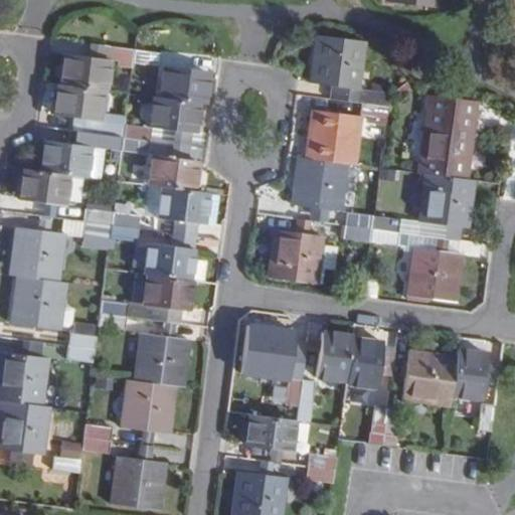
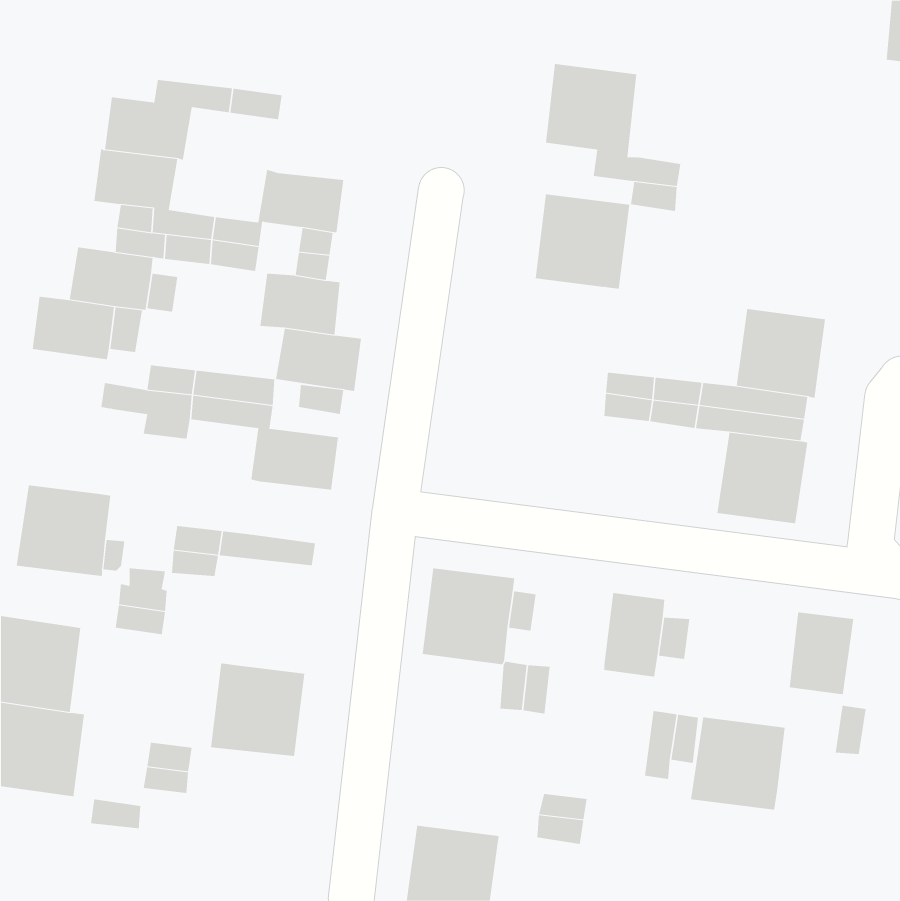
building: [160,69,206,104] -> none
building: [417,99,475,181] -> none
building: [292,157,346,210] -> none
building: [10,226,64,282] -> none
building: [269,228,336,283] -> none
building: [144,275,193,311] -> none
building: [316,331,350,379] -> none
building: [135,333,189,385] -> none
building: [400,351,455,404] -> [690,717,785,810]
building: [246,413,295,451] -> none
building: [112,457,165,509] -> none

